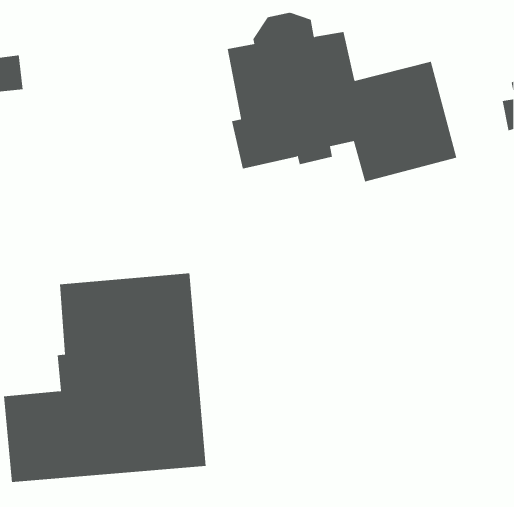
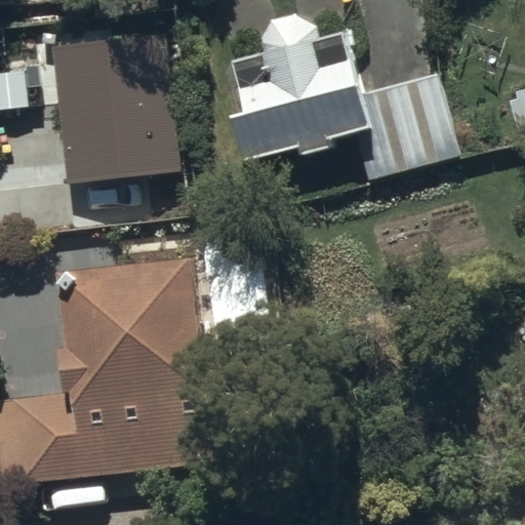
building: none -> [51,21,175,166]

